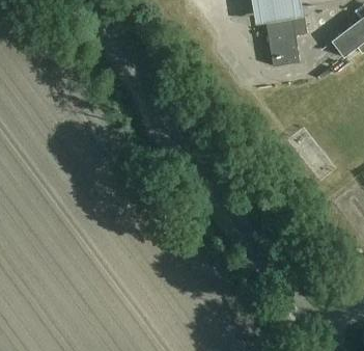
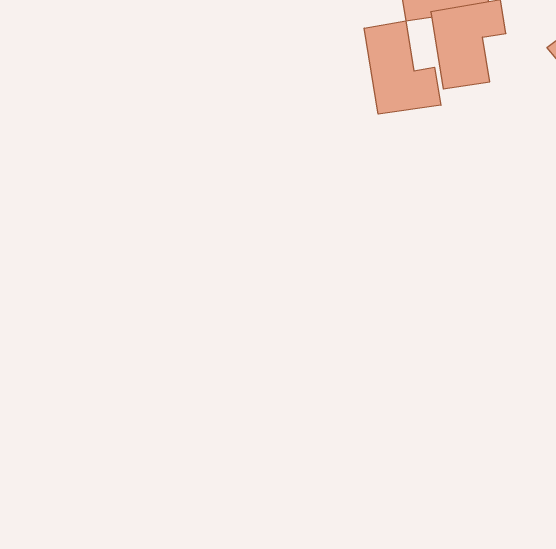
building: none -> [364,21,441,114]

